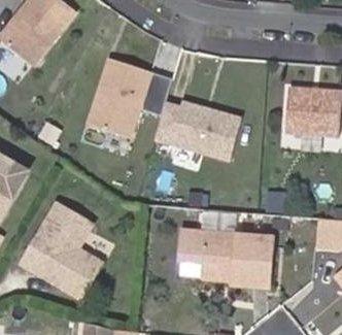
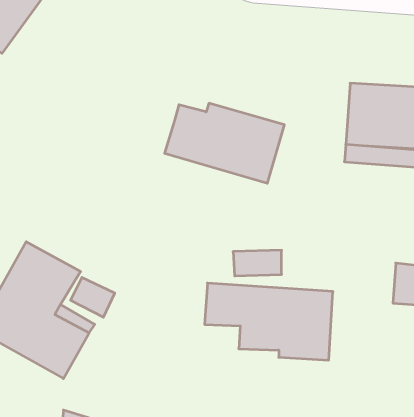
building: [89,58,170,136] -> none

